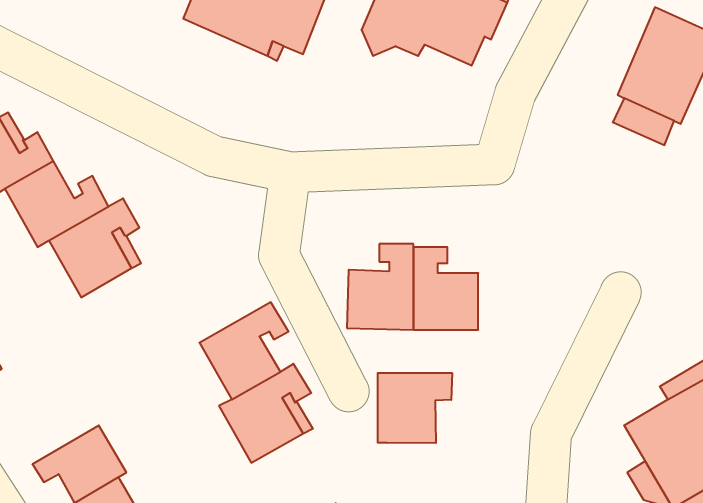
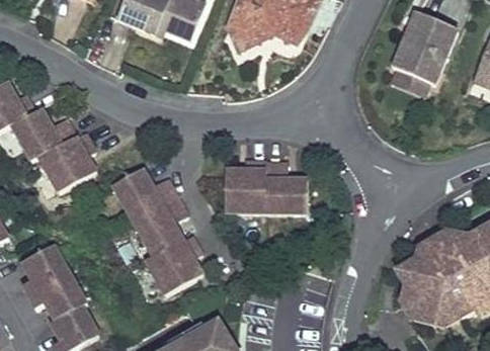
building: none -> [111,166,176,220]
building: [378,373,452,443] -> none
building: none -> [20,242,69,295]

